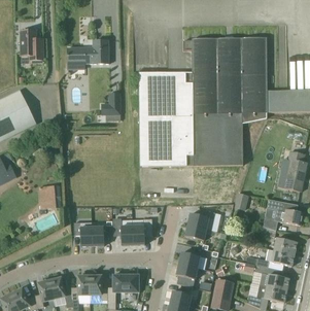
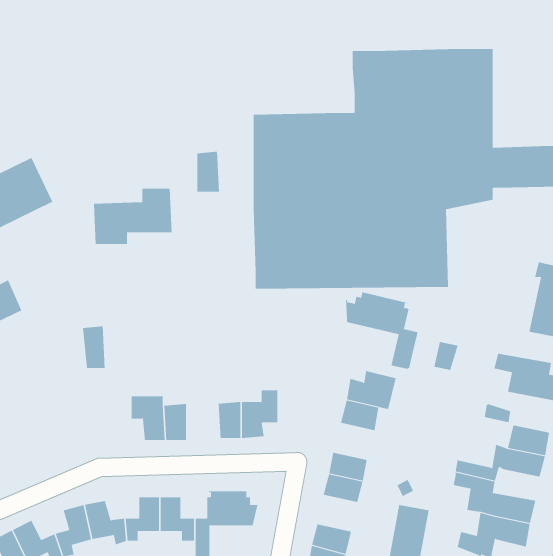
building: [21,31,41,60] -> none
building: [66,40,108,70] -> [93,188,173,244]
building: none -> [346,292,418,370]

